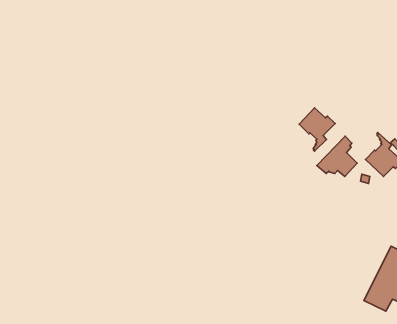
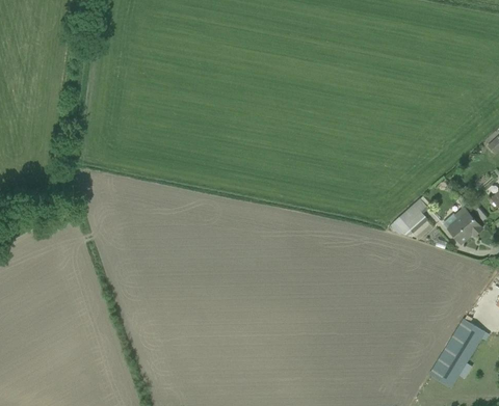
building: [299,108,335,151] -> none

